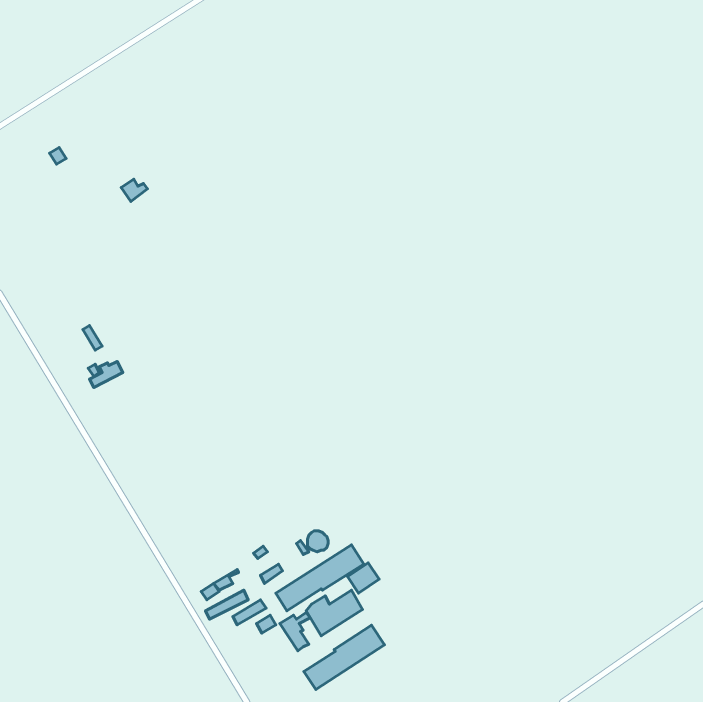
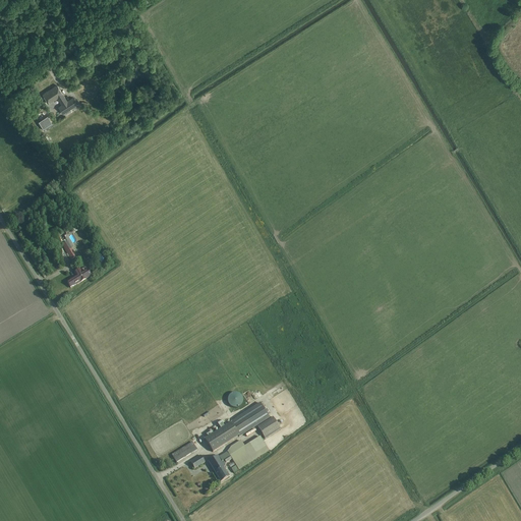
building: none -> [42,83,77,112]
building: [304,625,384,690] -> none

